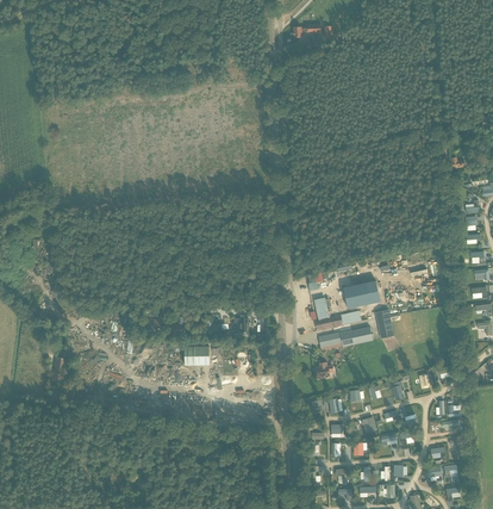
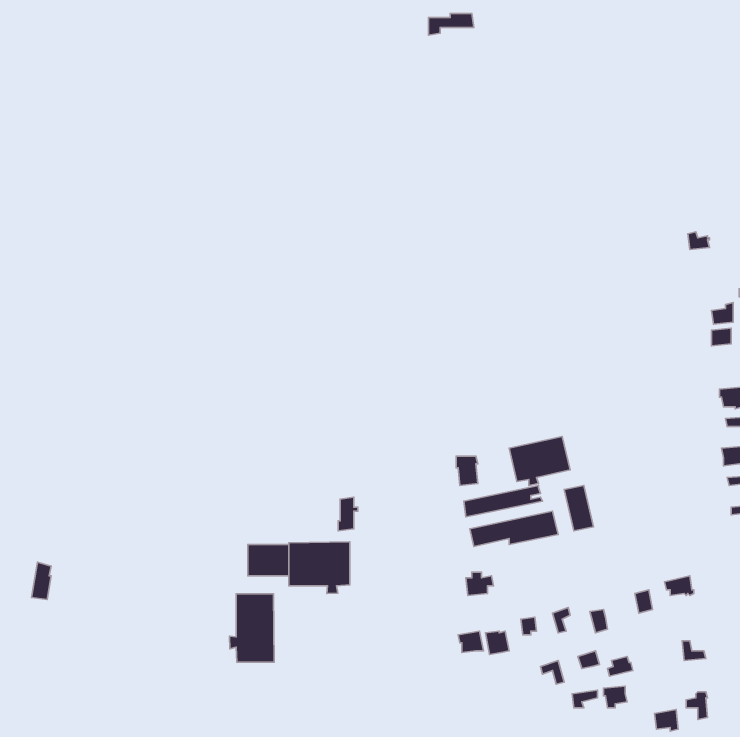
building: none -> [289,542,350,594]
building: none -> [230,594,274,662]

